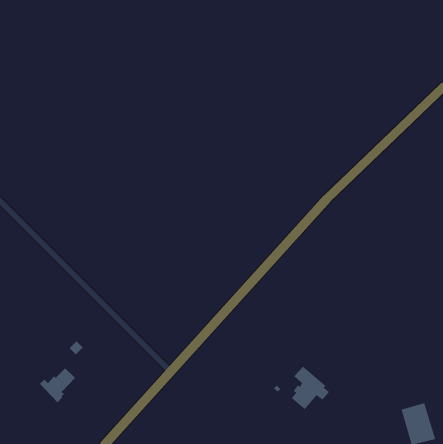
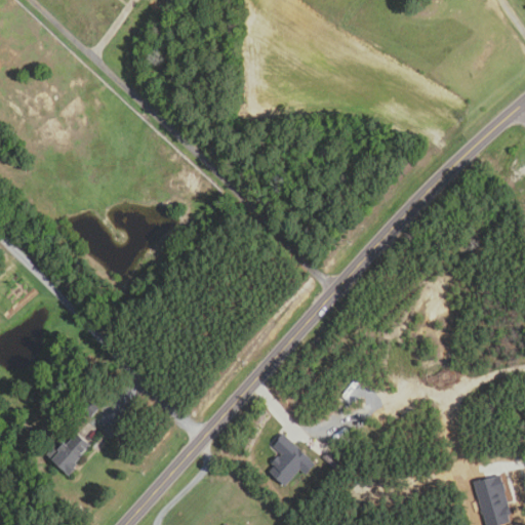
building: [291,366,330,410] -> [269,435,315,487]

